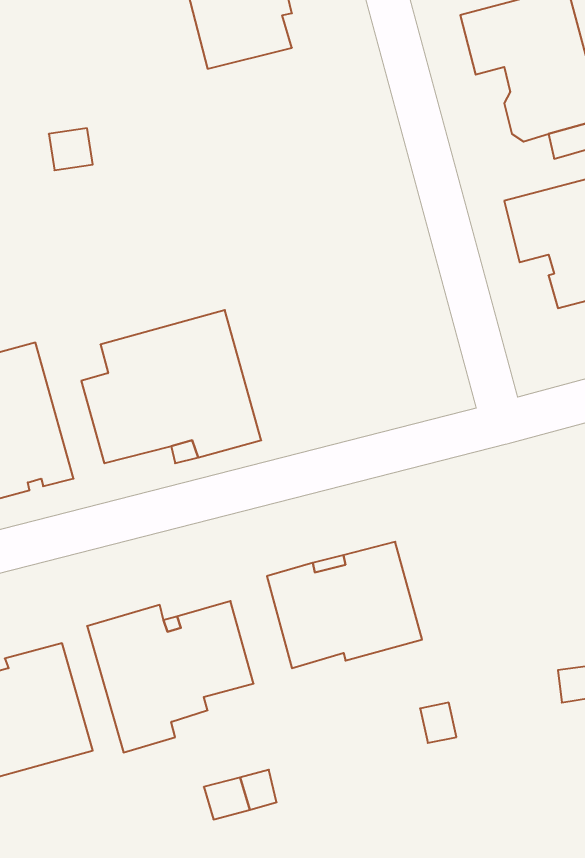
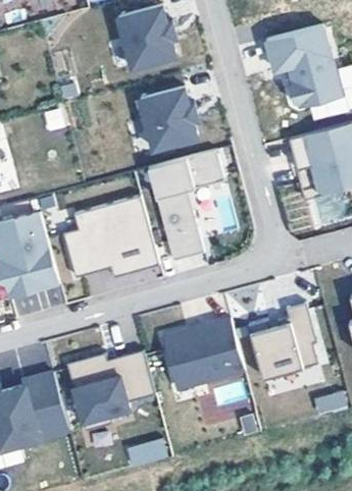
building: none -> [138,88,197,151]
building: none -> [147,150,223,262]
building: none -> [247,304,317,379]

